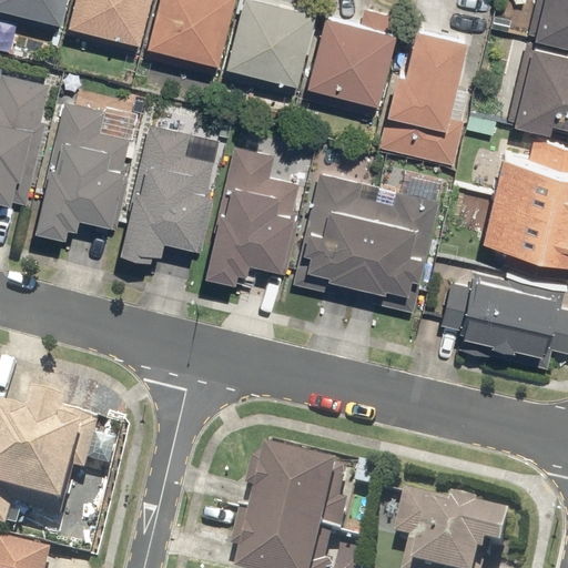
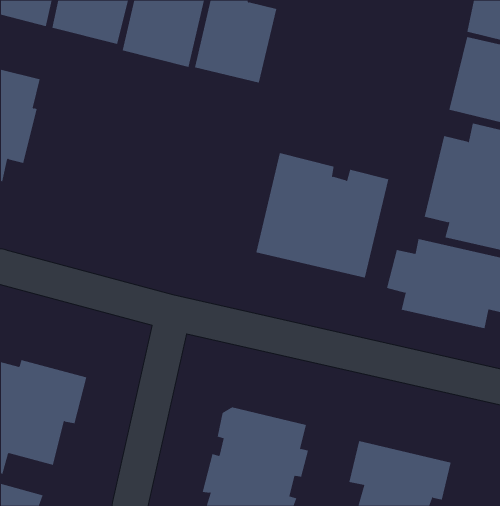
building: [303,7,402,115] -> none
building: [377,26,475,166] -> none
building: [33,100,134,237] -> none
building: [118,122,223,264] -> none
building: [203,144,302,283] -> none

